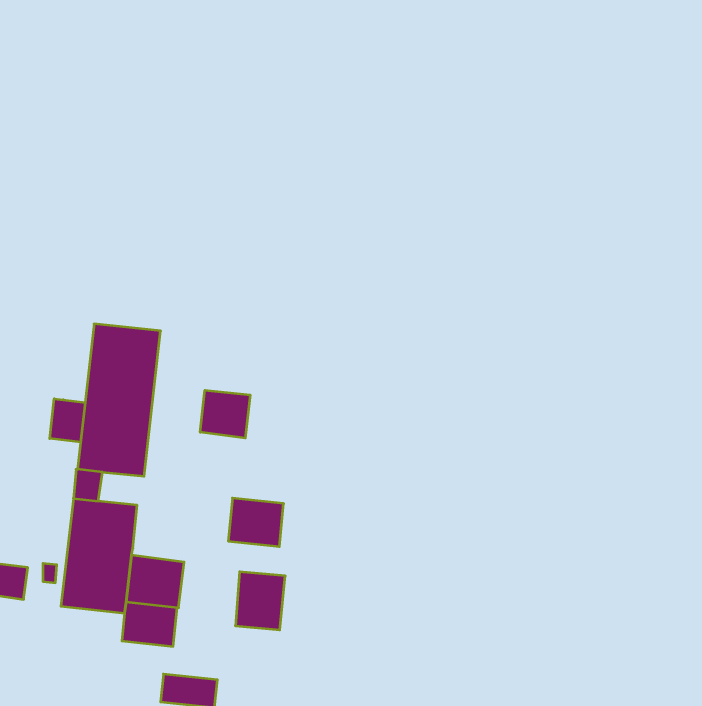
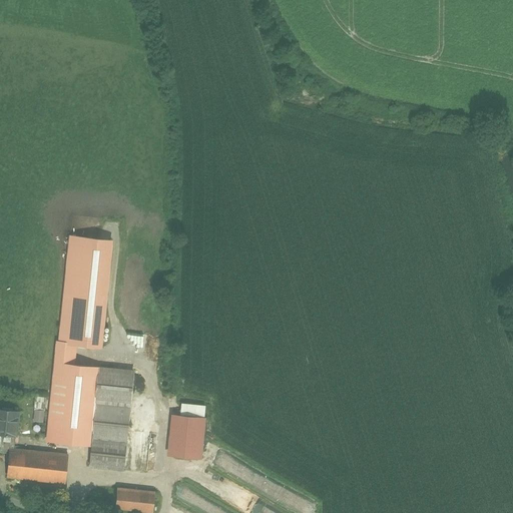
building: [200,390,250,438] -> none
building: [50,399,85,442] -> none
building: [228,498,284,547] -> [96,367,136,402]
building: none -> [7,450,71,485]

